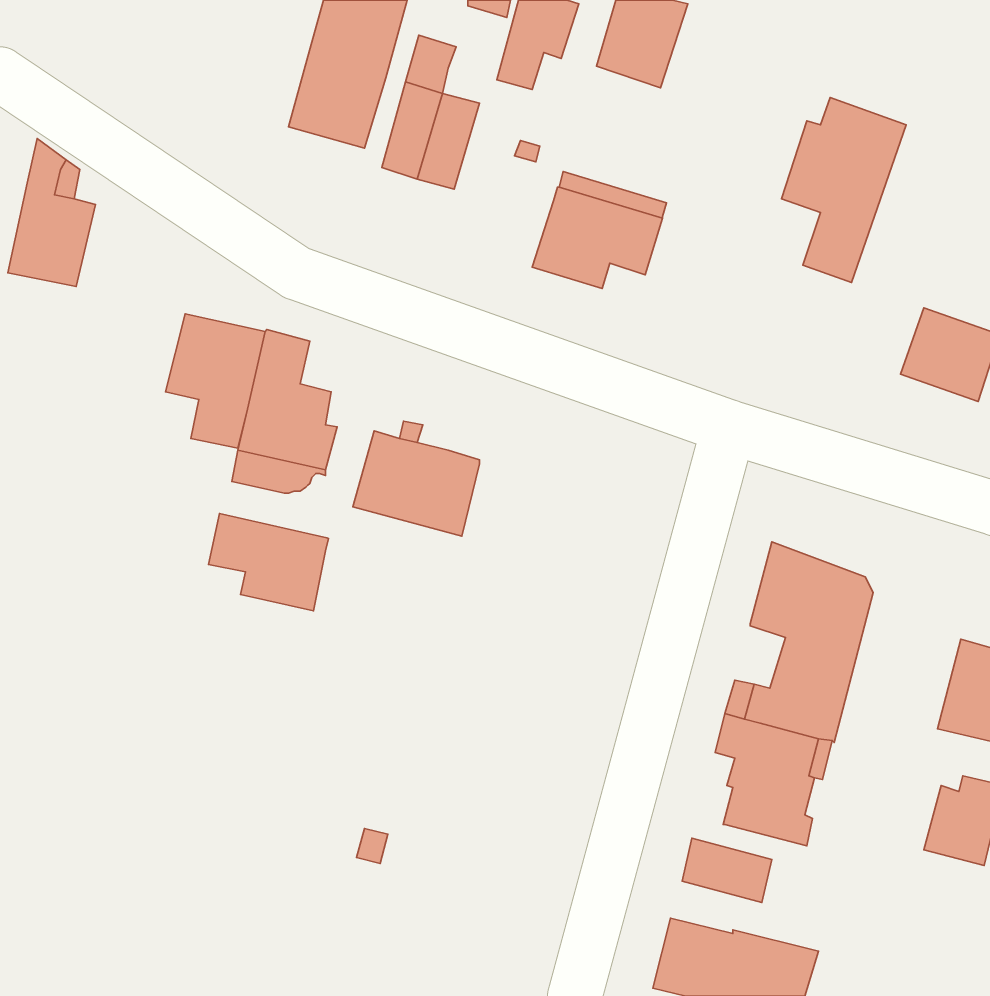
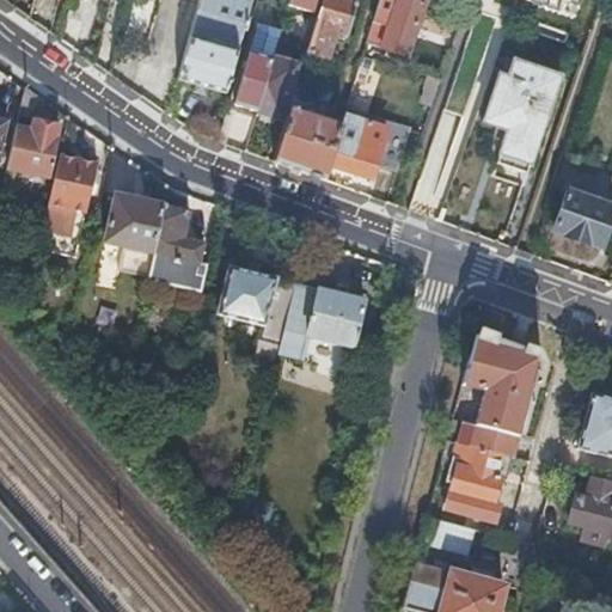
building: none -> [276,99,343,177]
building: none -> [44,154,99,234]
building: none -> [280,282,366,361]
building: [209,514,328,611] -> none

